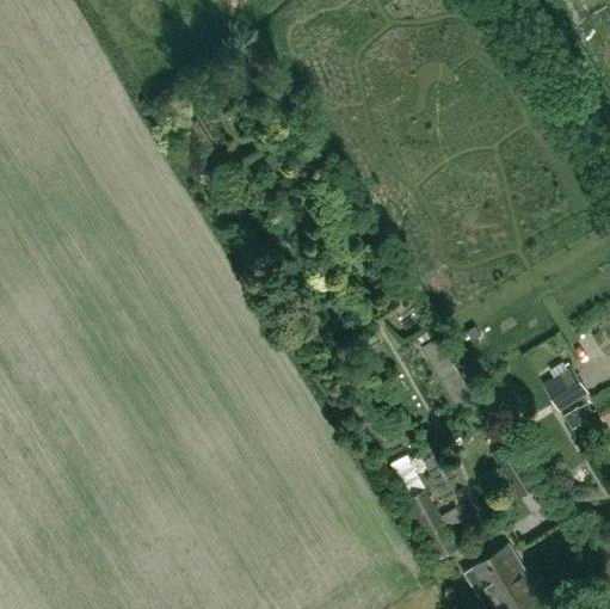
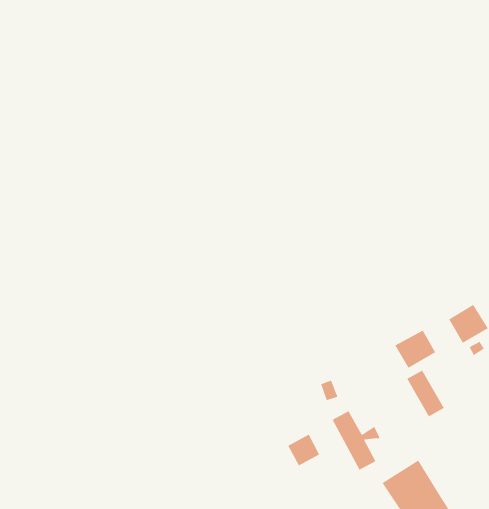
building: none -> [394,329,436,369]
building: none -> [287,433,320,466]

